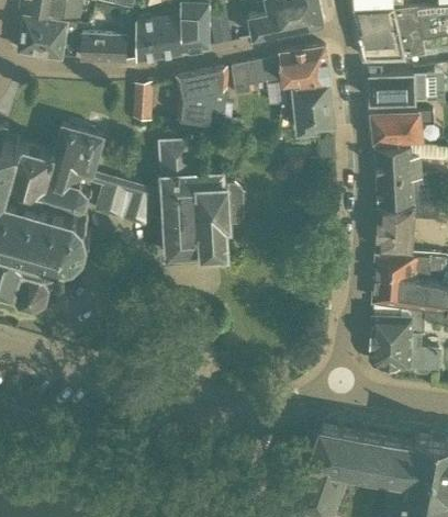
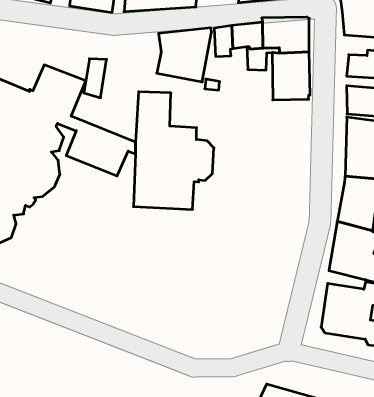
building: [133,83,153,123] -> [84,59,107,98]

